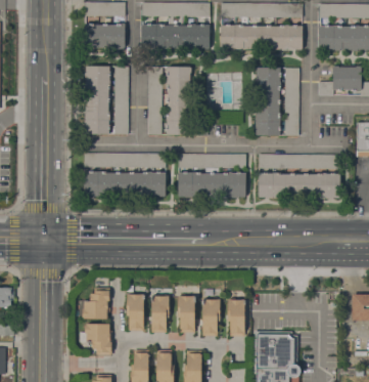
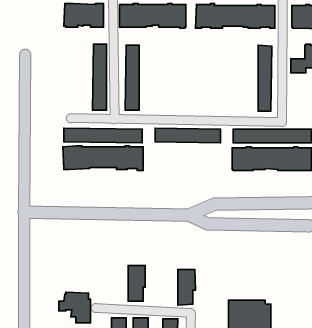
building: [84,66,110,134] -> none
building: [166,66,191,135] -> none
building: [255,68,280,136] -> none
building: [178,171,245,197] -> none
building: [79,287,109,319] -> none
building: [126,294,143,330] -> none
building: [177,296,194,333] -> none
building: [227,299,244,336] -> none

